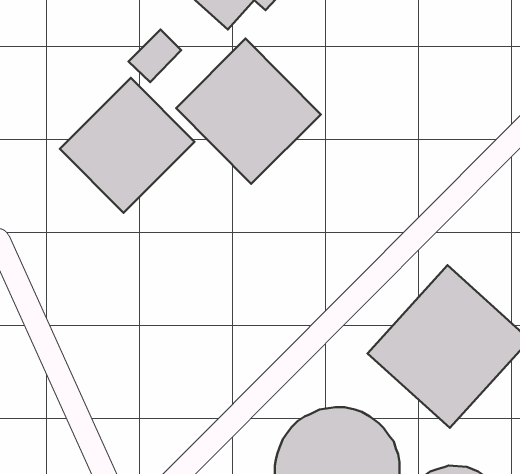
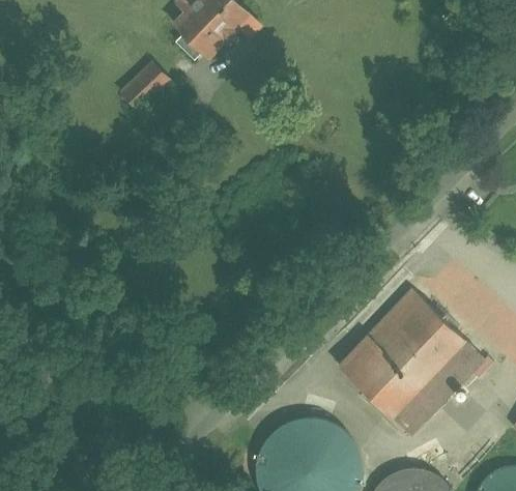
building: [176,39,321,184] -> none
building: [60,78,194,213] -> none

